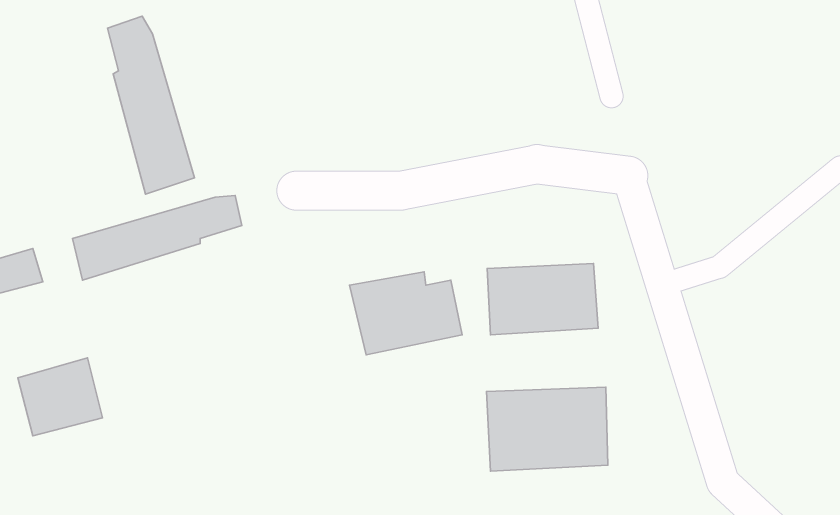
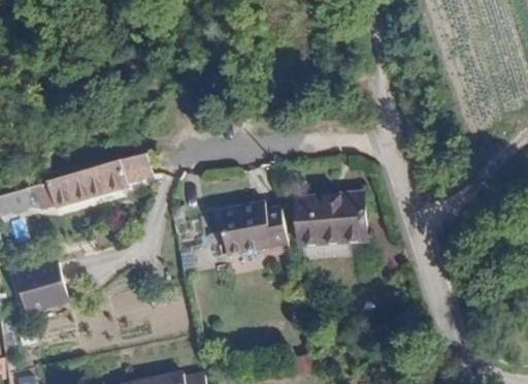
building: [107,16,194,194] -> none
building: [487,387,608,471] -> none

